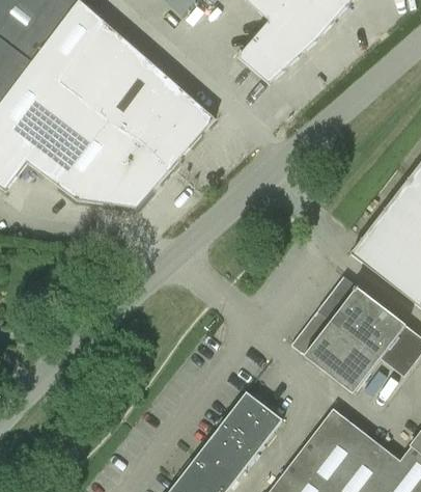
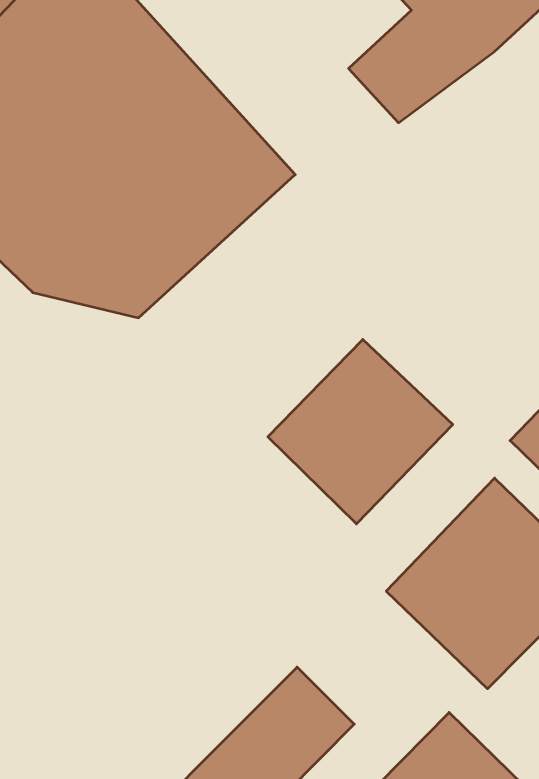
building: none -> [268,339,453,524]

